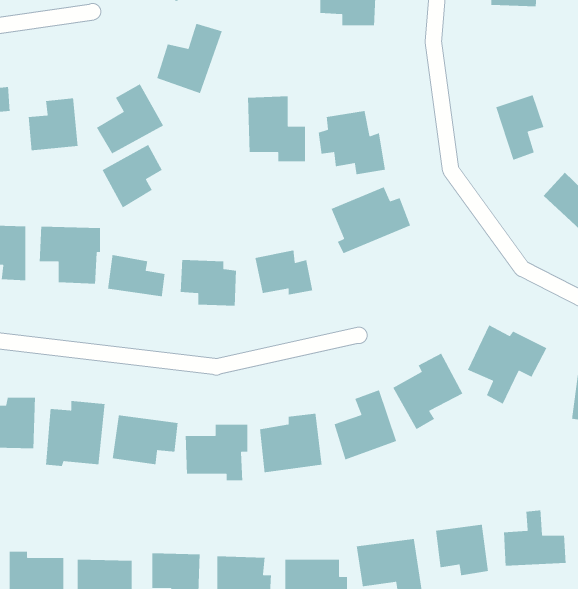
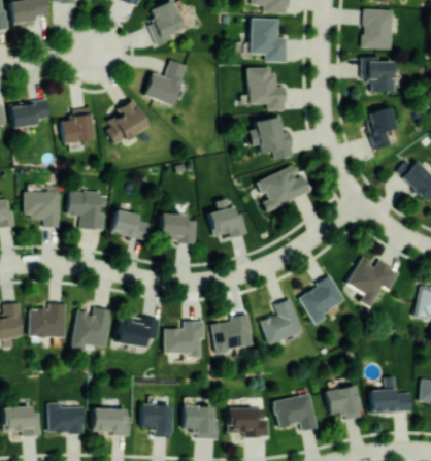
building: none -> [362,57,394,93]
building: [247,96,306,162] -> [247,67,286,110]
building: [101,144,163,208] -> none

